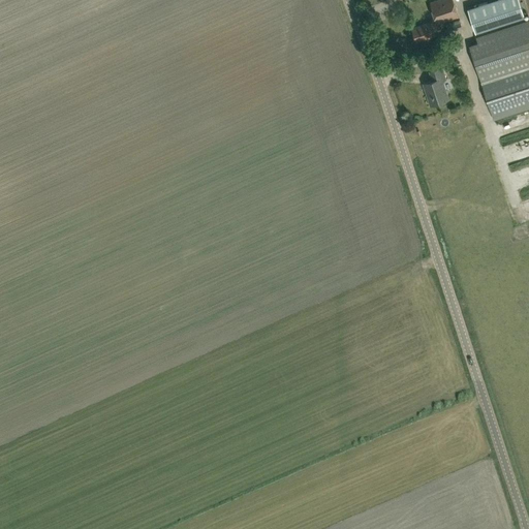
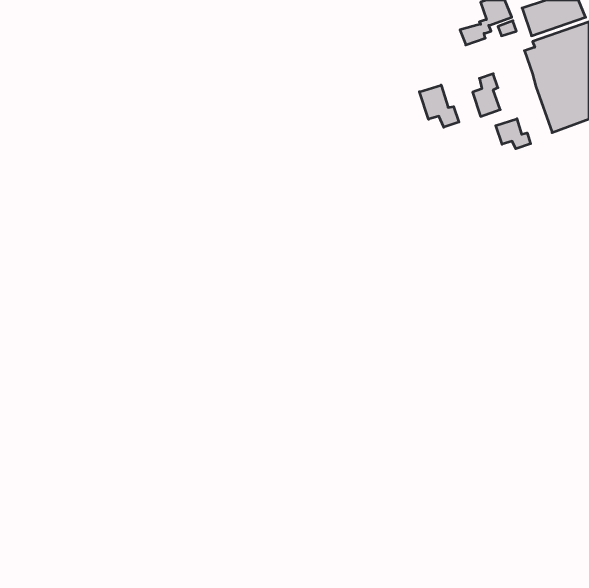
building: none -> [419,85,459,127]
building: none -> [496,119,531,149]

